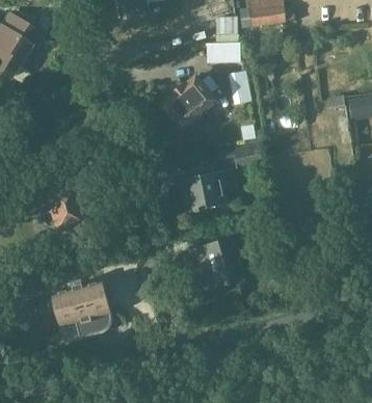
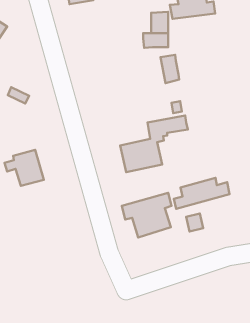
building: [162,74,217,128] -> none
building: none -> [174,178,229,209]
building: [54,280,111,337] -> none

